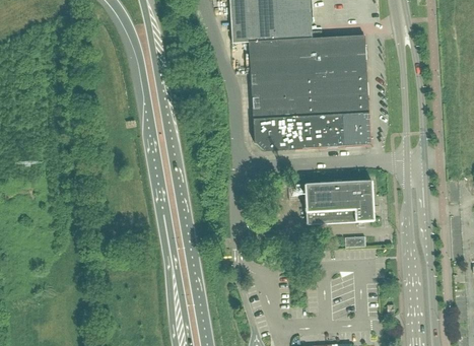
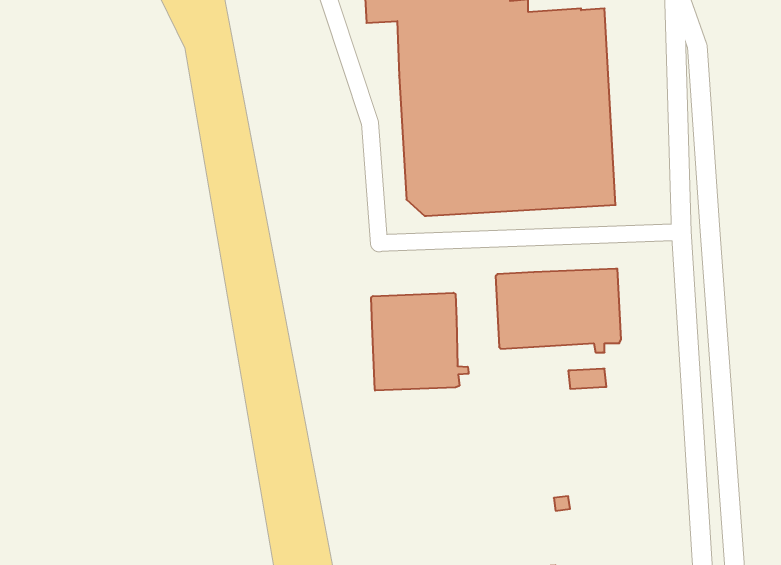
building: none -> [371,293,469,391]

